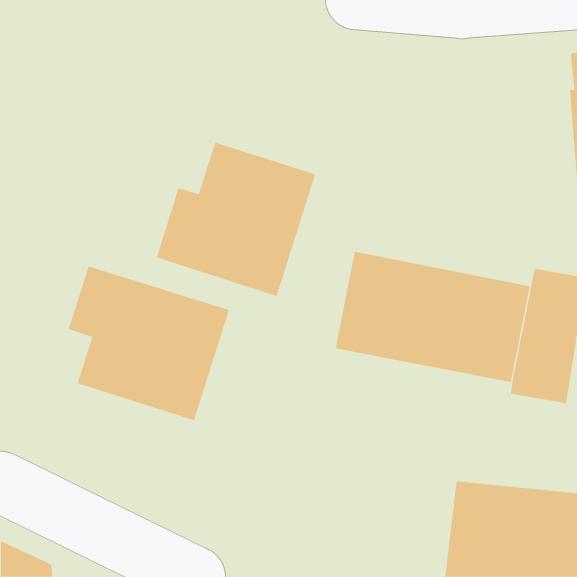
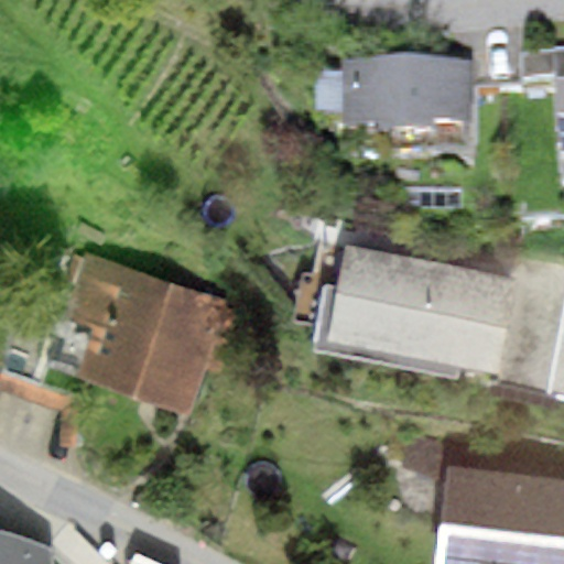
building: none -> [315,67,469,152]
building: [156,142,316,297] -> none

